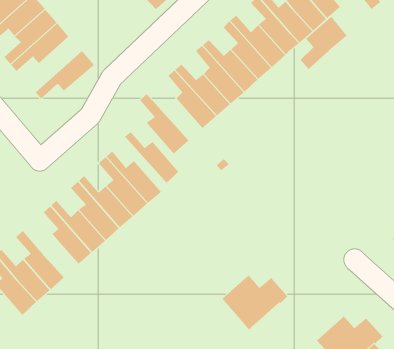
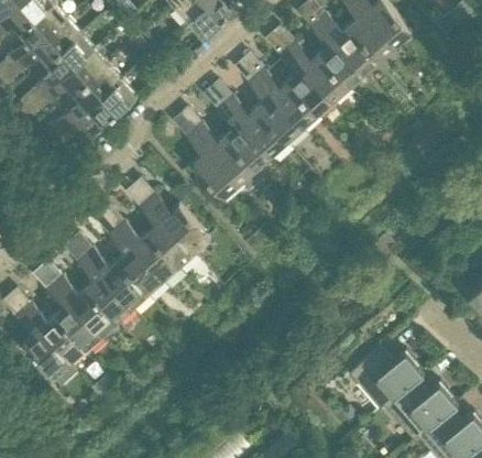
building: [300,16,348,70] -> none
building: none -> [59,66,120,129]
building: [124,131,179,184] -> [193,124,254,183]
building: none -> [54,276,116,336]
building: [221,274,288,330] -> [348,347,423,410]

